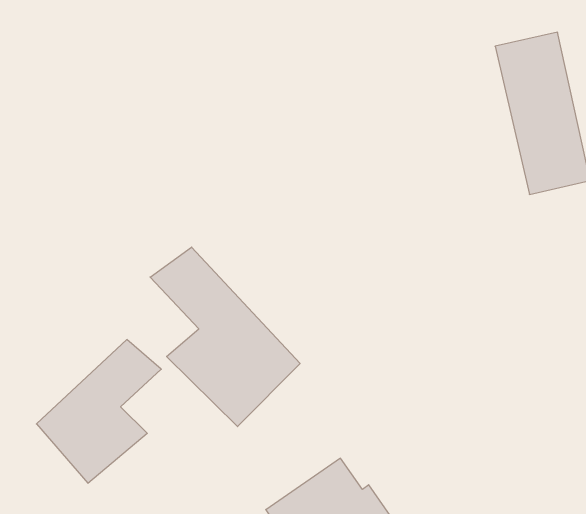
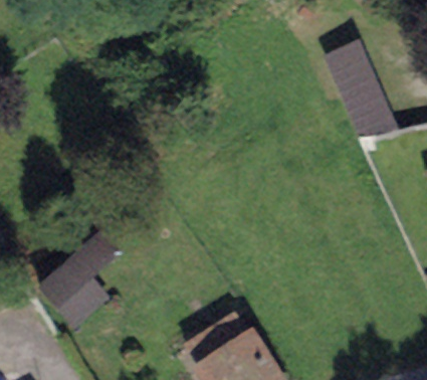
building: [150,247,300,427] -> none

